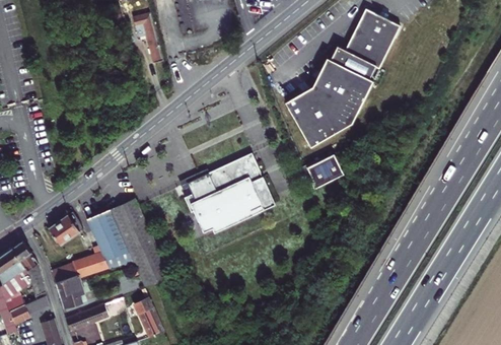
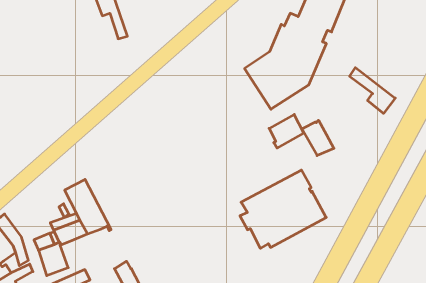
building: none -> [350,68,395,113]
building: [183,153,274,233] -> [240,170,326,248]
building: none -> [302,120,334,156]
building: [109,199,168,286] -> none
building: [48,212,83,246] -> none

